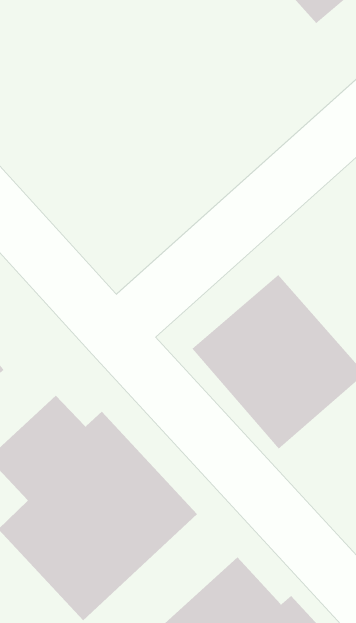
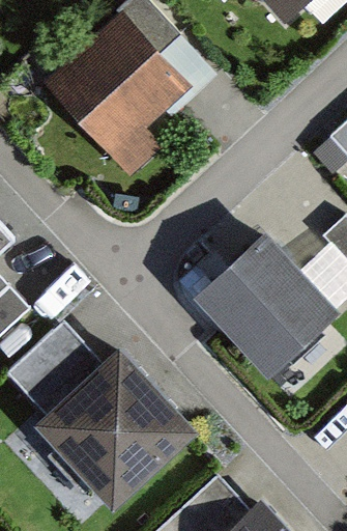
building: none -> [50,19,190,179]

